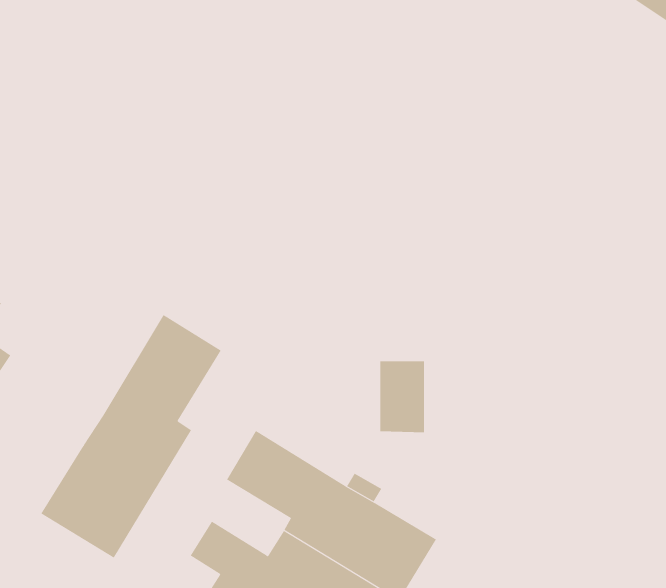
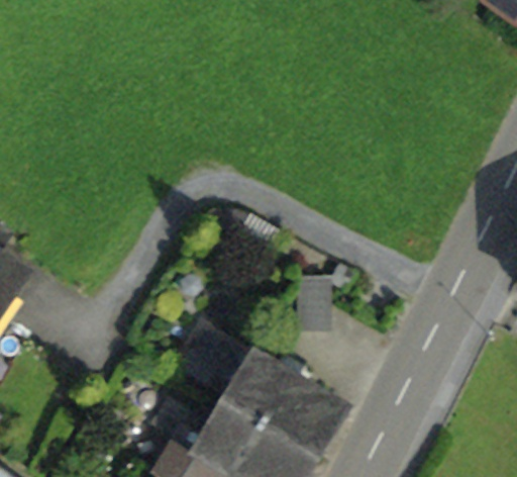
building: [41,314,222,558] -> none

